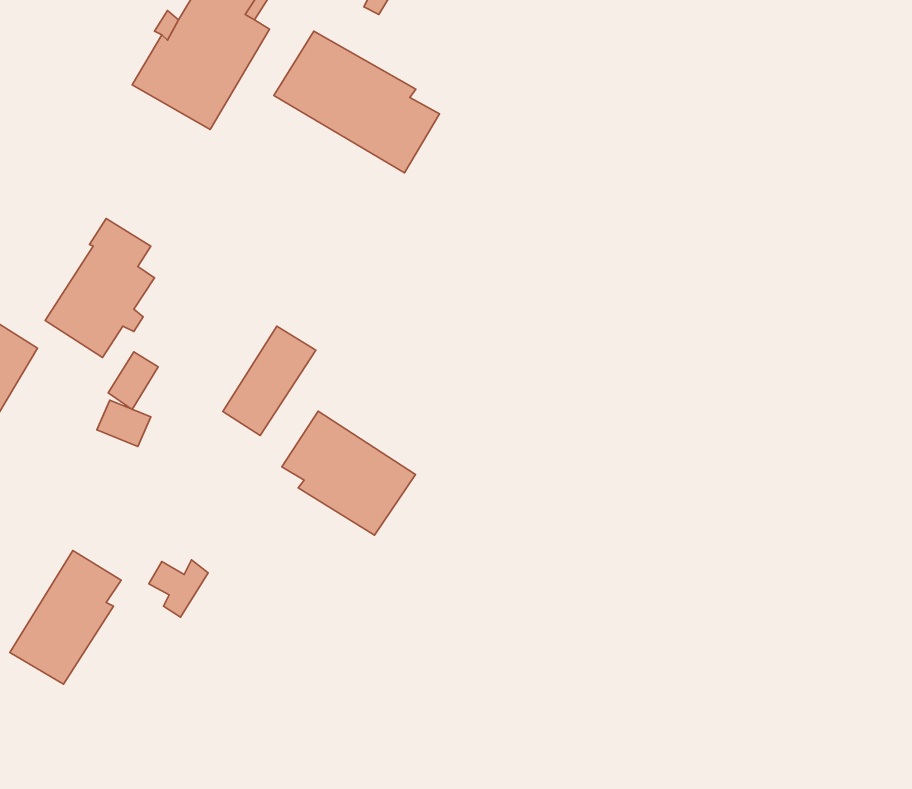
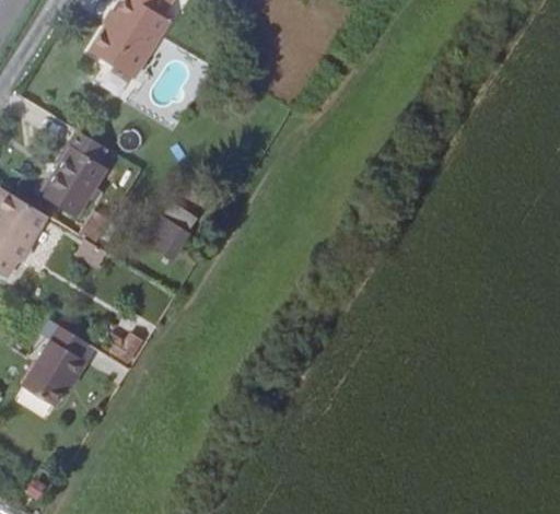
building: [274,31,440,173] -> none
building: [282,411,416,535] -> none

